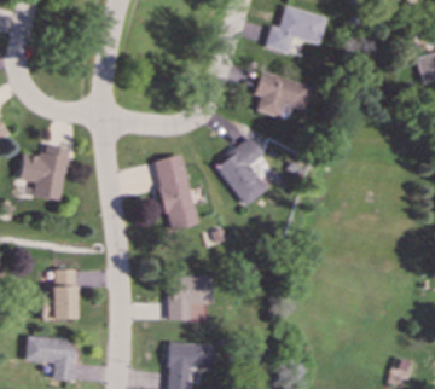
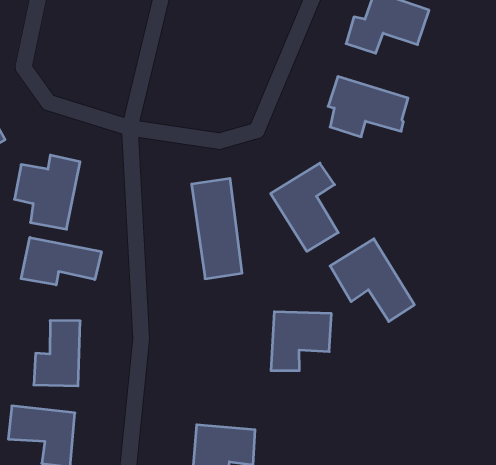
building: none -> [330,239,414,322]
building: none -> [21,237,101,285]
building: [169,274,213,320] -> [271,312,331,371]

